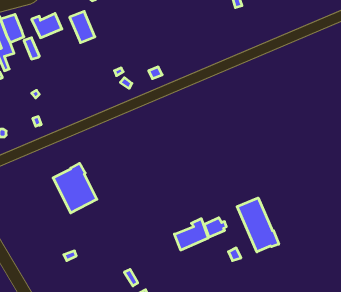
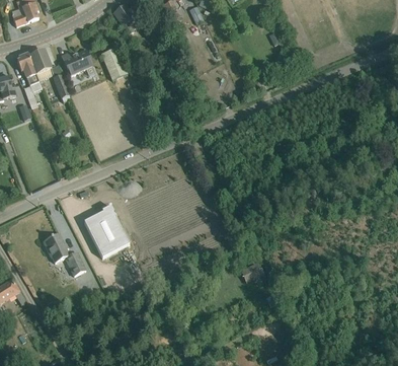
building: none -> [43,233,86,277]
building: [237,198,279,252] -> none
building: [174,219,208,250] -> none

